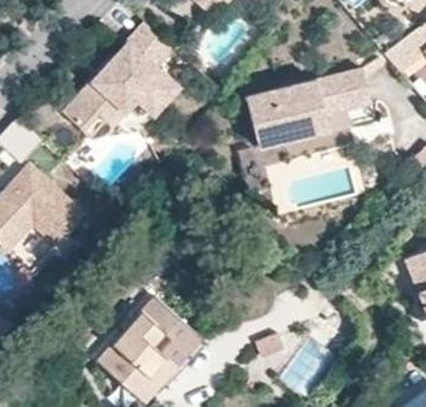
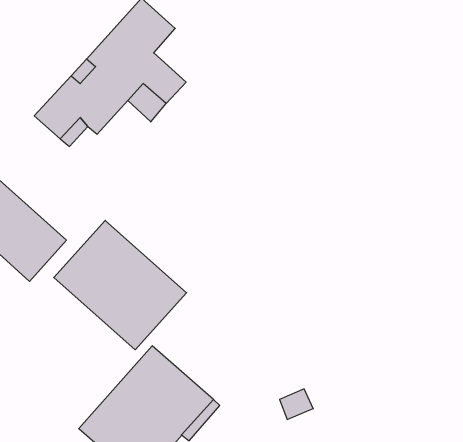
building: [247,67,375,148] -> none
building: none -> [54,220,187,350]

